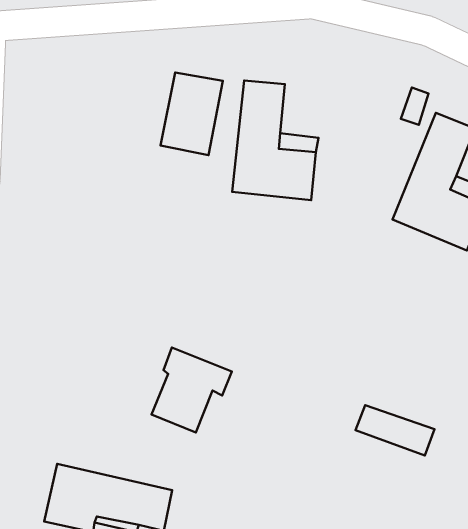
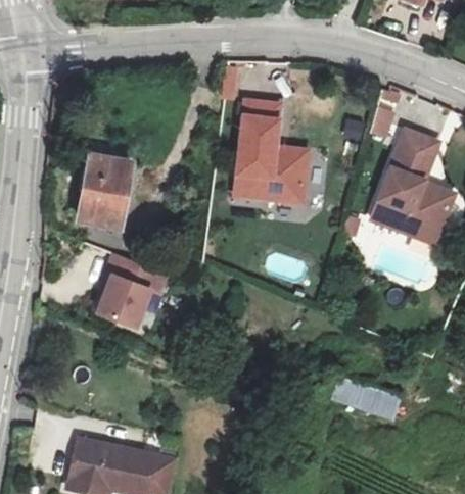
building: [161,72,223,155] -> [81,158,134,229]
building: [151,347,232,433] -> [98,251,167,324]

